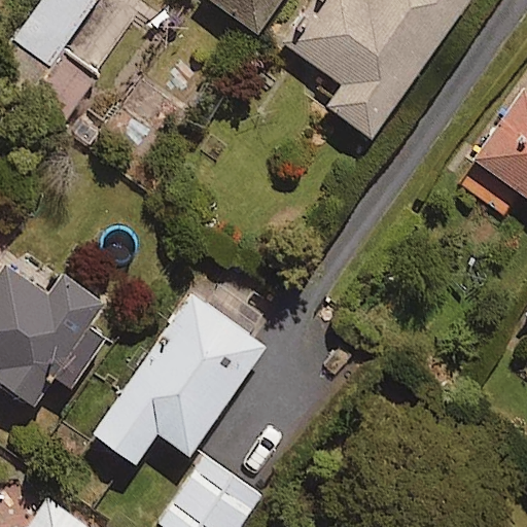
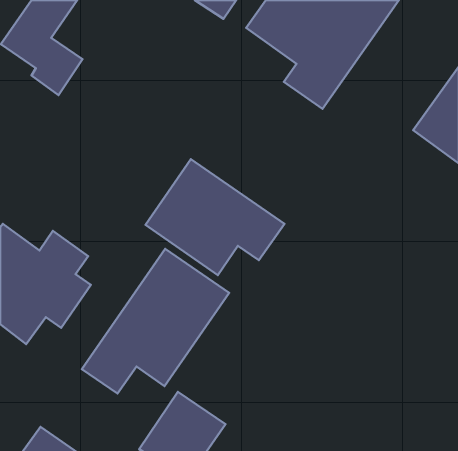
building: none -> [145,159,285,275]

